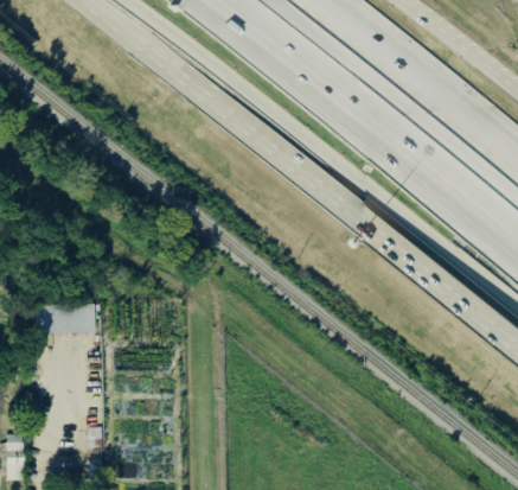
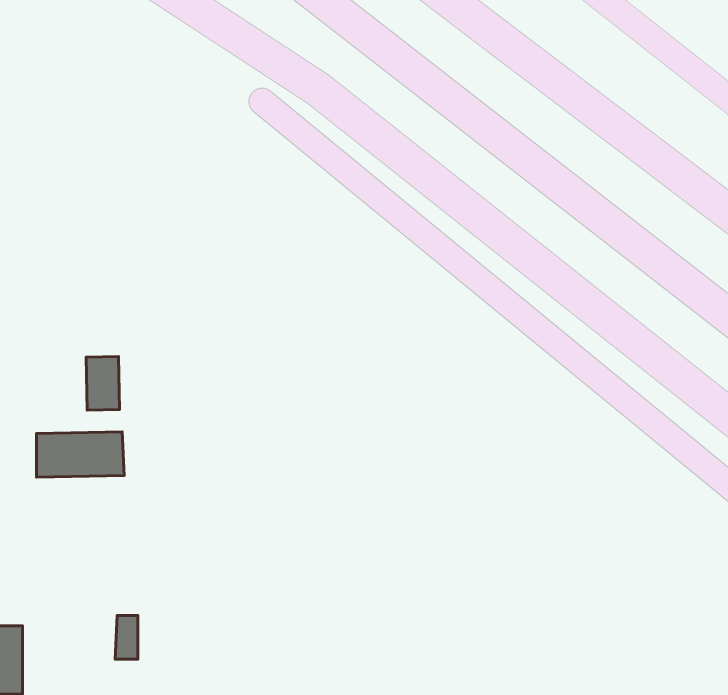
building: none -> [86,356,119,410]

